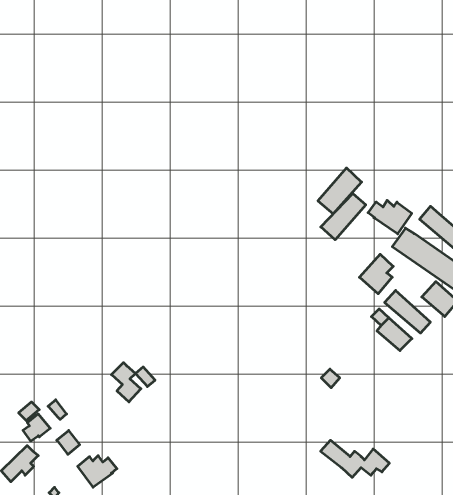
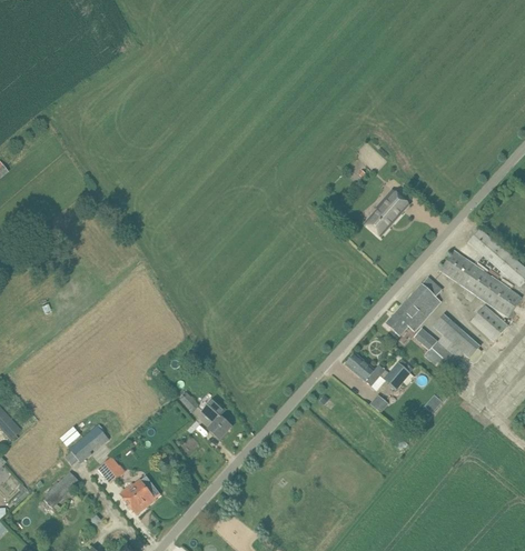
building: [321,193,366,240] -> none
building: [368,200,412,234] -> none
building: none -> [386,300,426,335]
building: [111,363,141,402] -> [201,399,231,439]
building: [321,440,389,477] -> [345,352,415,390]

